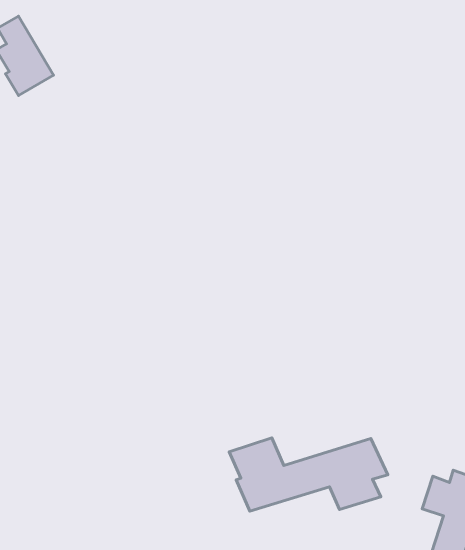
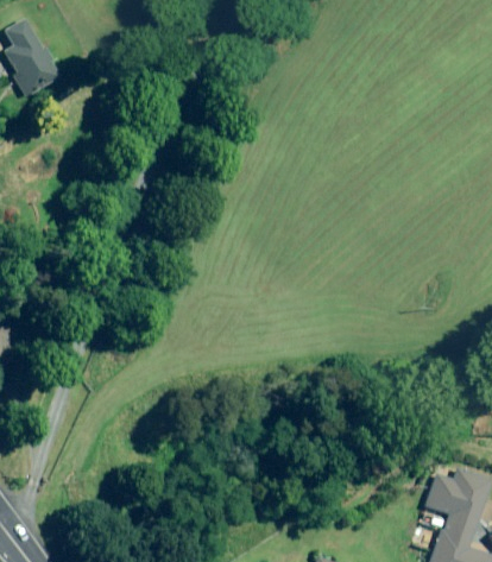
building: [229,438,388,511] -> none

